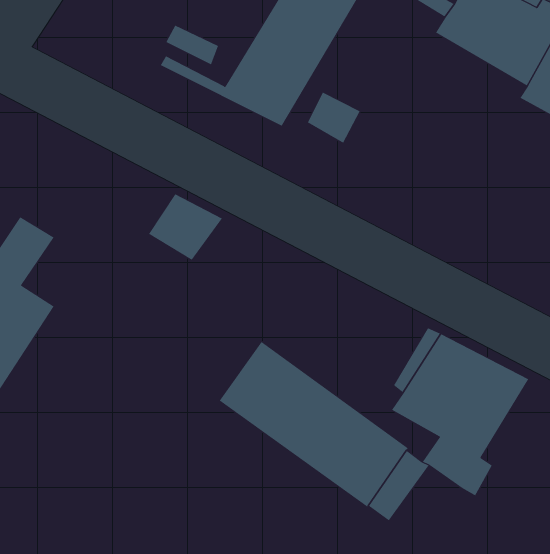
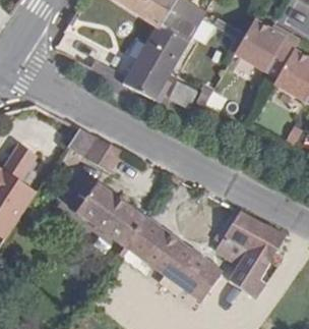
building: none -> [72,180,141,245]

